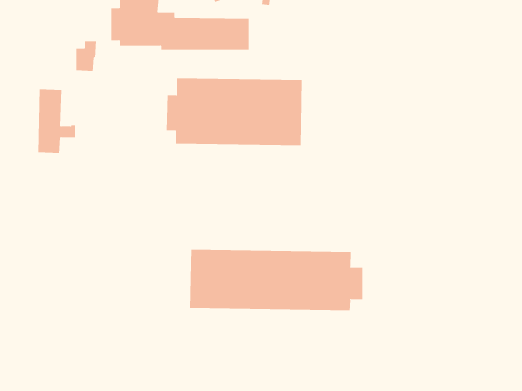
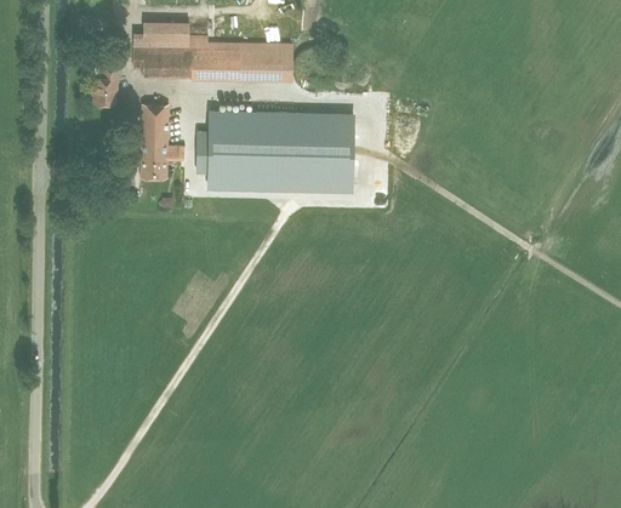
building: [38,89,76,154] -> [141,104,184,178]
building: [190,249,363,311] -> none

